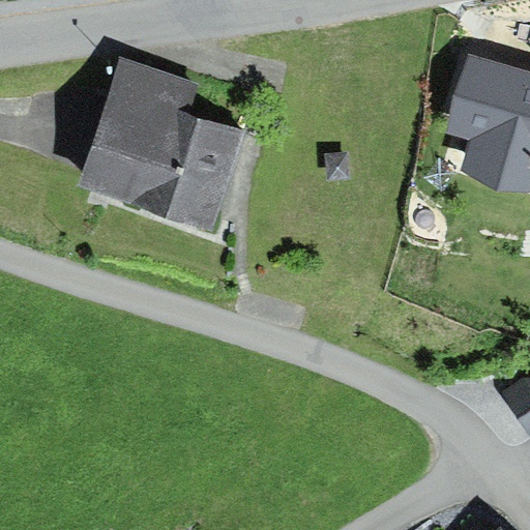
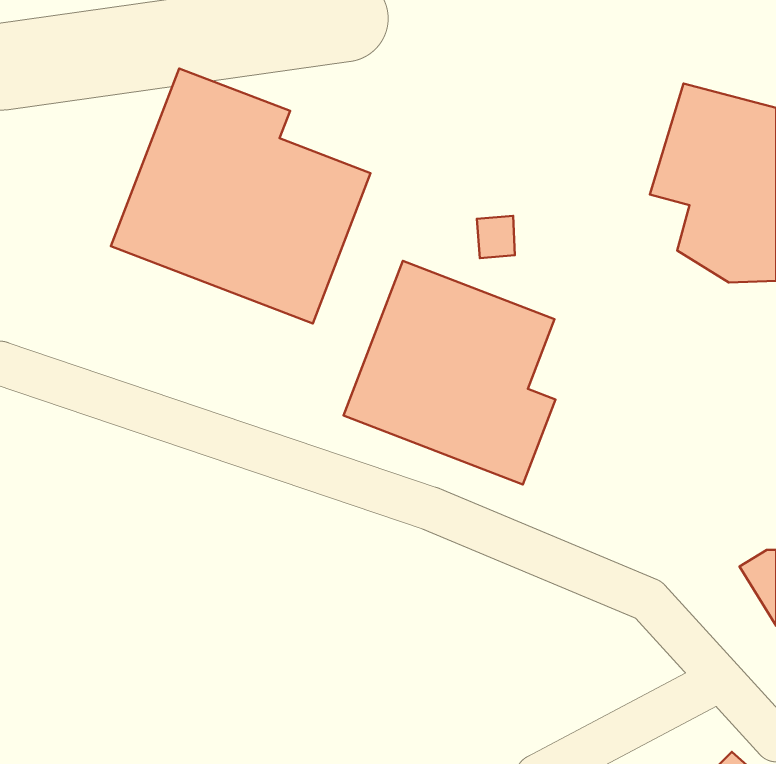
building: none -> [343,261,555,484]

